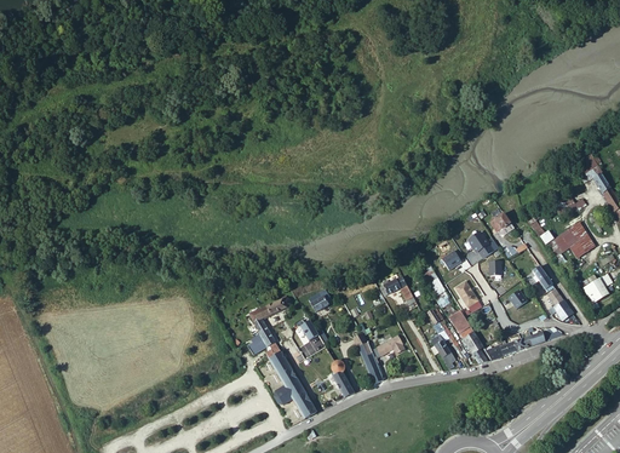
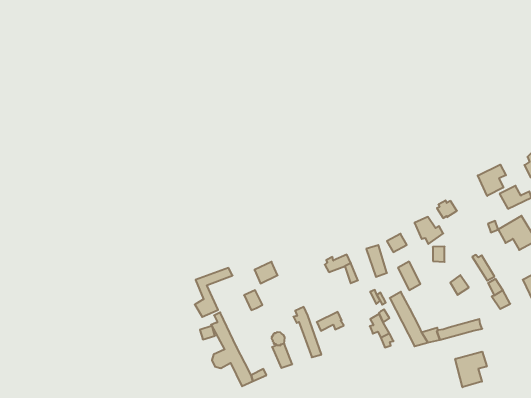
building: none -> [478,165,506,196]
building: none -> [455,352,487,387]

